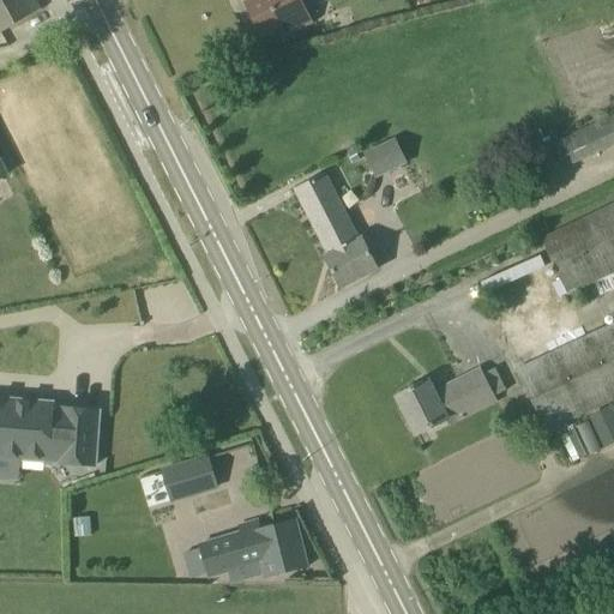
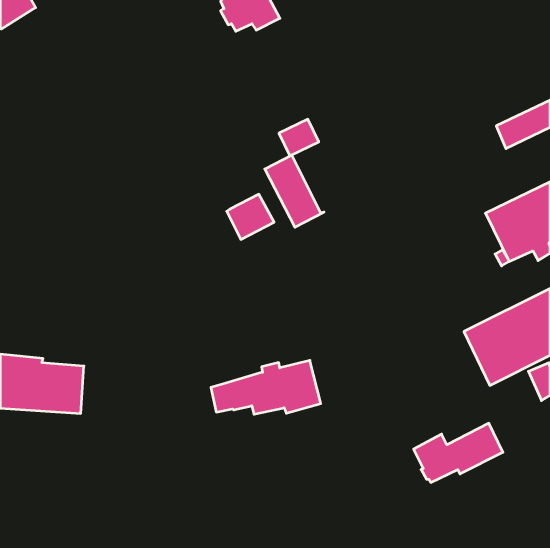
building: [363,136,408,176] -> [279,119,319,156]
building: [325,236,378,287] -> [227,194,274,239]
building: [397,367,496,433] -> [414,423,503,482]
building: [161,455,218,501] -> none
building: [183,518,306,578] -> [211,360,321,414]

